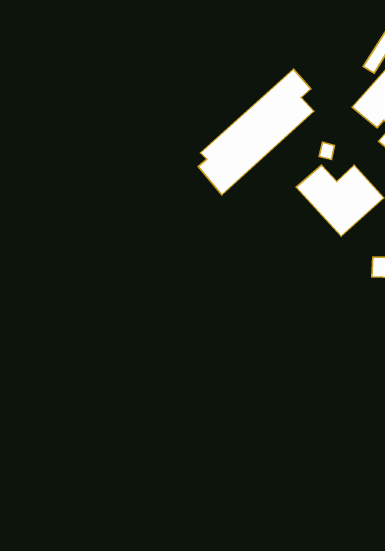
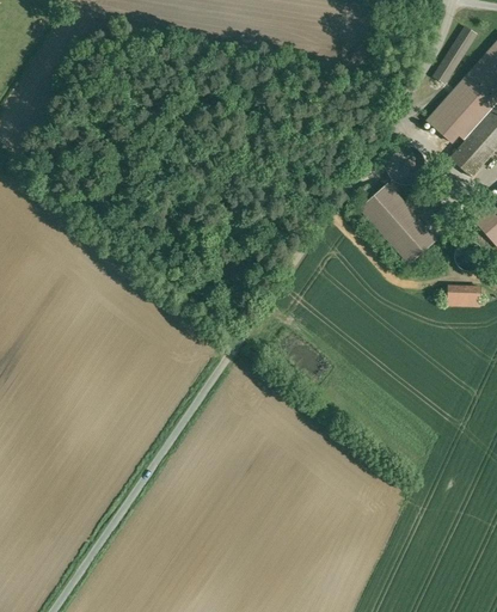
building: [198,69,314,195] -> none

